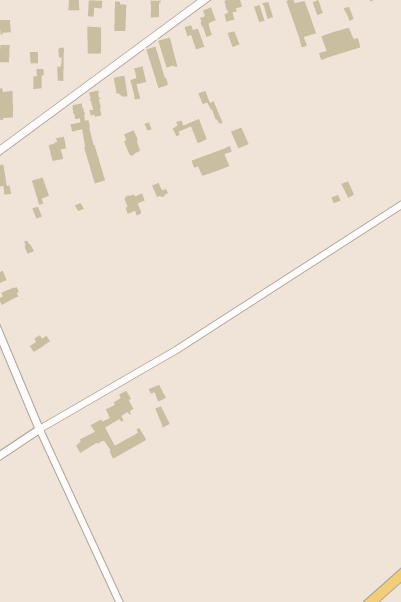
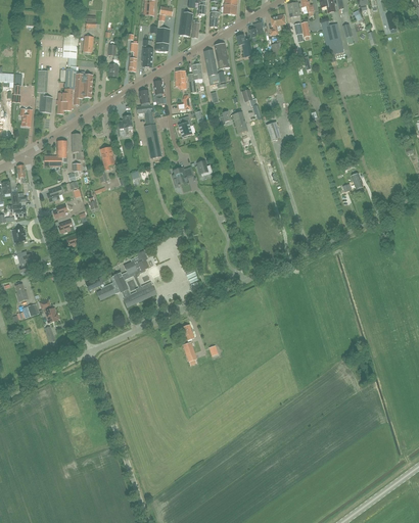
building: [318,27,362,61] -> none
building: [190,145,233,177] -> none
building: [75,390,148,460] -> [97,250,156,306]

